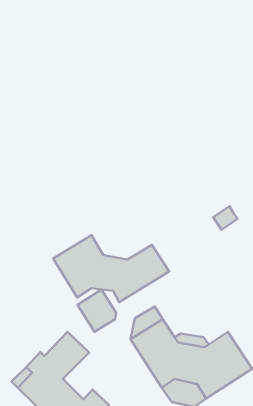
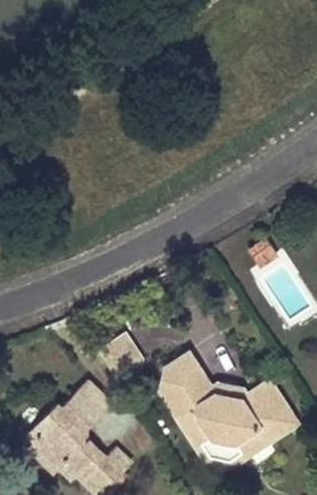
building: [53,235,169,302] -> none

